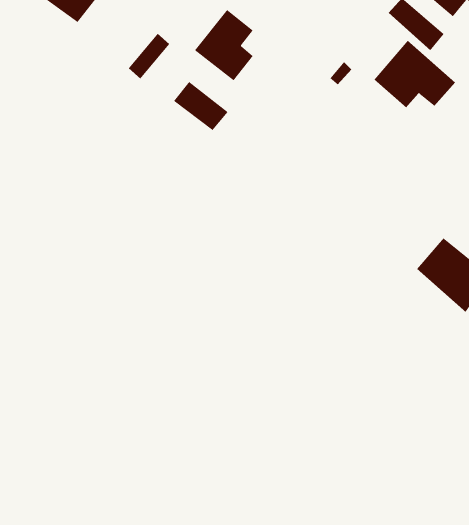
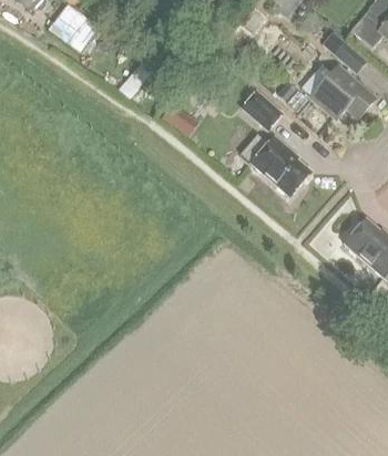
building: [194,9,253,81] -> none
building: none -> [241,90,282,128]
building: none -> [249,135,310,196]

